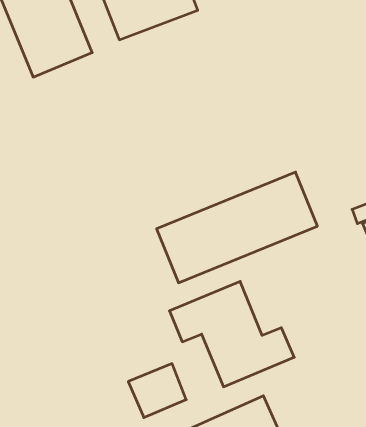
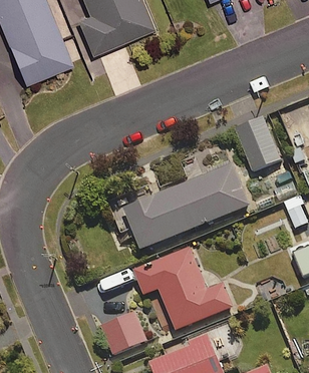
building: none -> [236,116,280,169]

